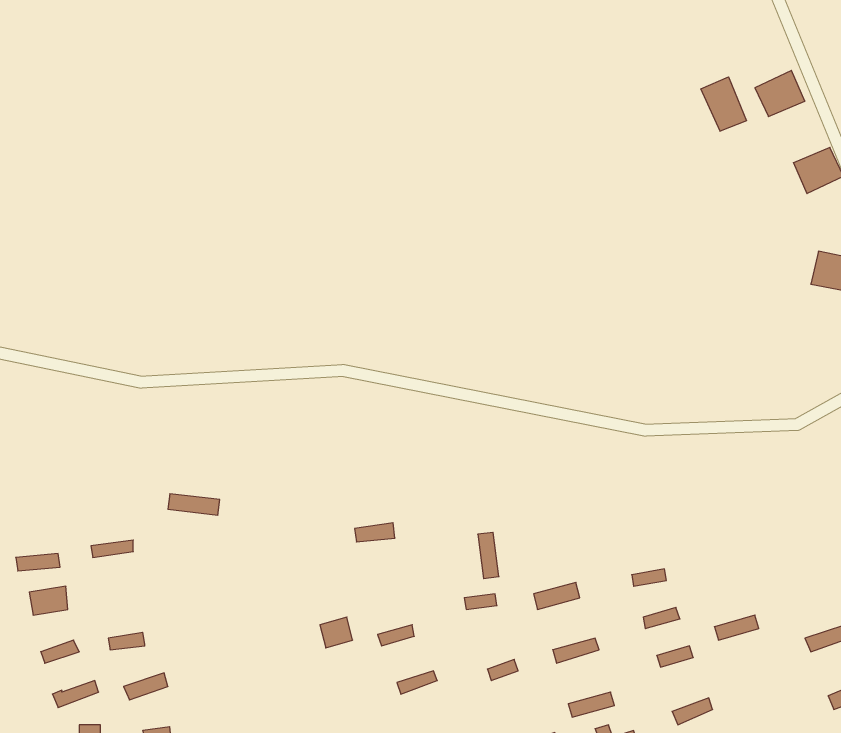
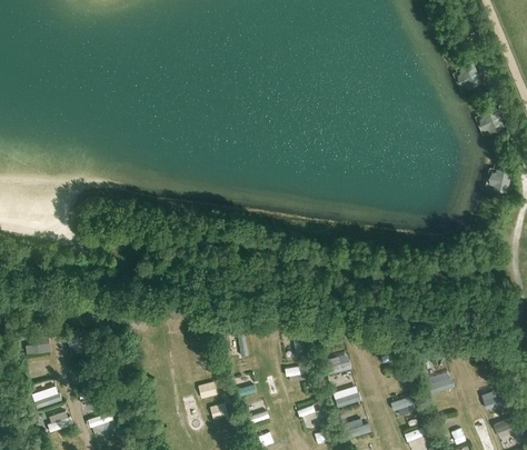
building: [701,77,746,131] -> none

